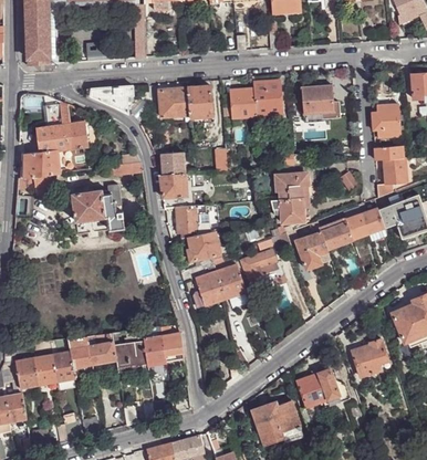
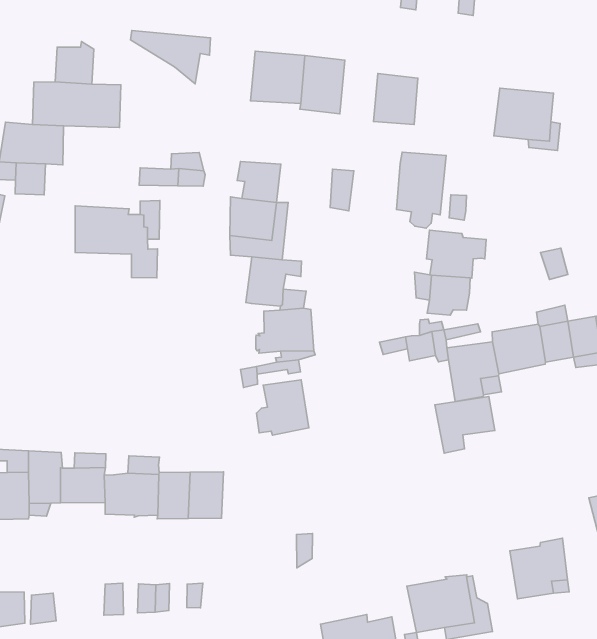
building: [253,81,281,124] -> [396,152,446,228]
building: [241,250,278,286] -> [435,396,495,453]
building: [216,264,246,299] -> none

